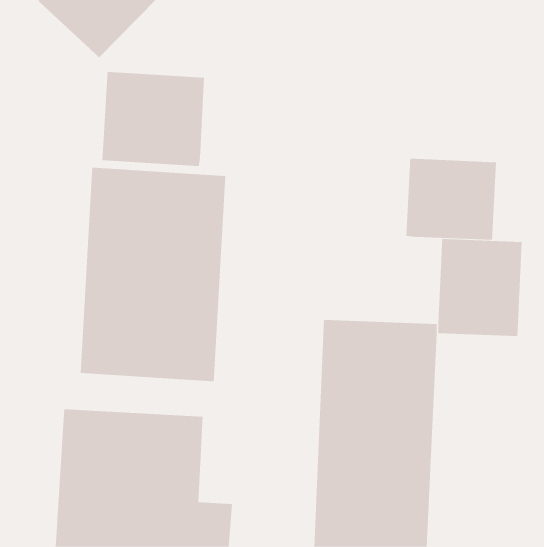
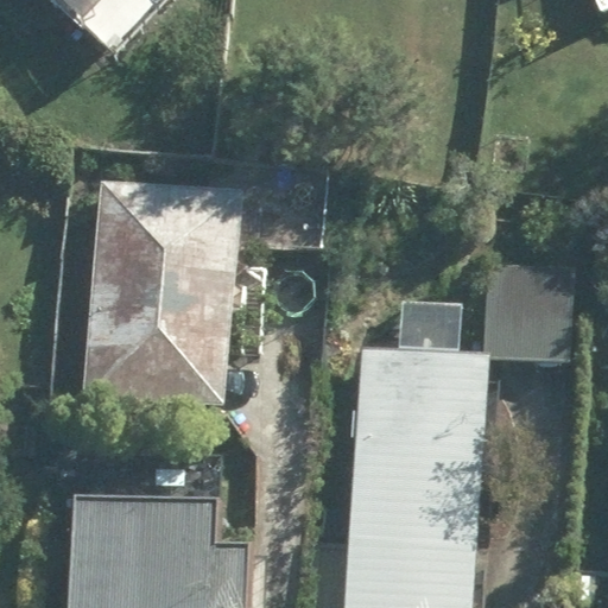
building: [102,71,204,167] -> none
building: [406,158,496,240] -> none

